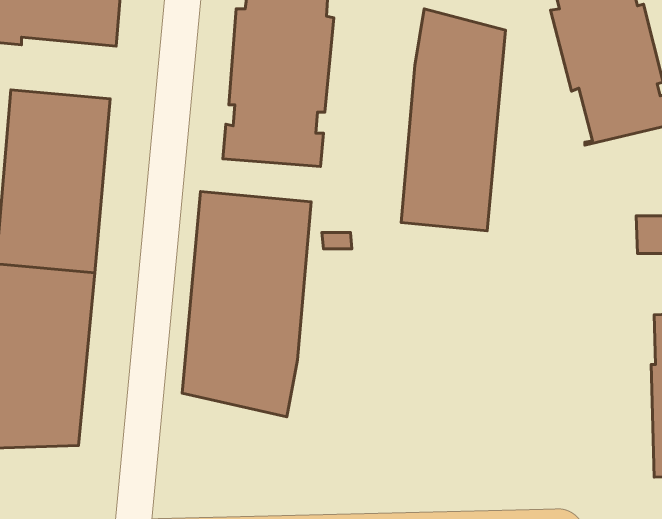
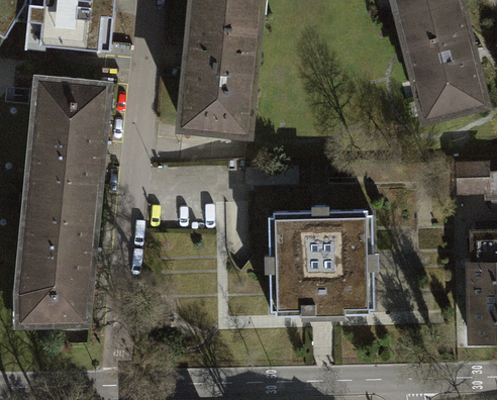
building: [401,9,505,231] -> none
building: [182,191,311,417] -> none
building: none -> [264,206,378,320]

